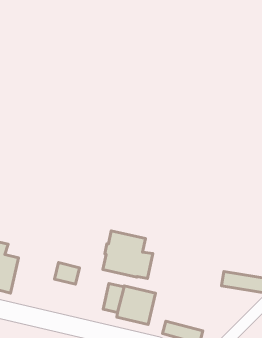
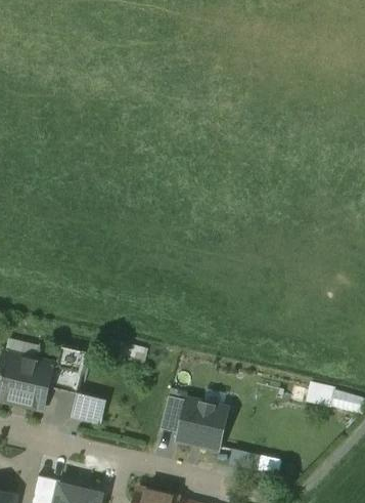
building: [103,231,153,279] -> none
building: [55,262,79,284] -> [72,396,103,424]

